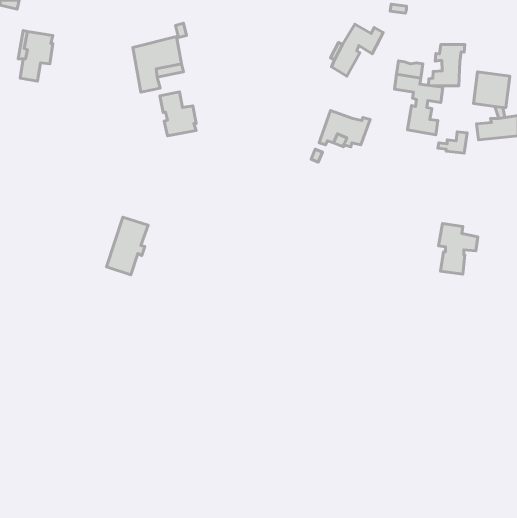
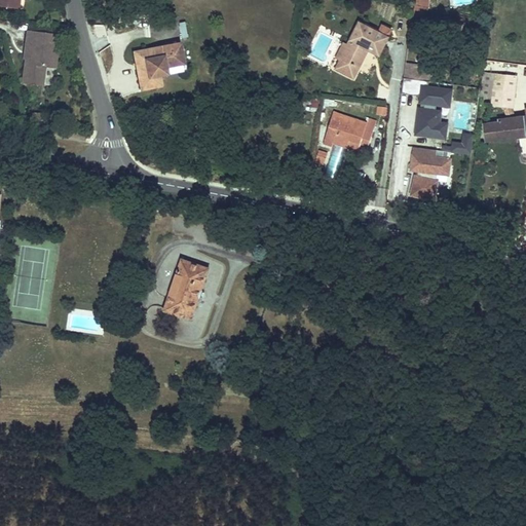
building: [428,44,465,86] -> none
building: [160,92,196,136] -> none
building: [106,217,148,275] -> [167,260,210,318]
building: [438,224,478,274] -> [408,145,448,196]

